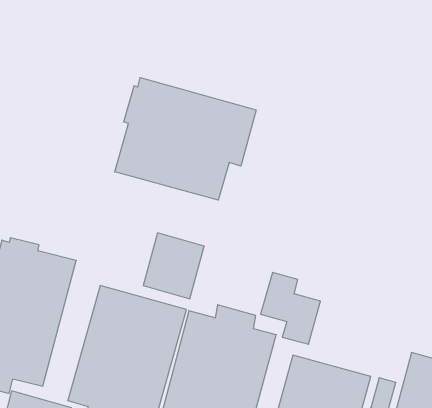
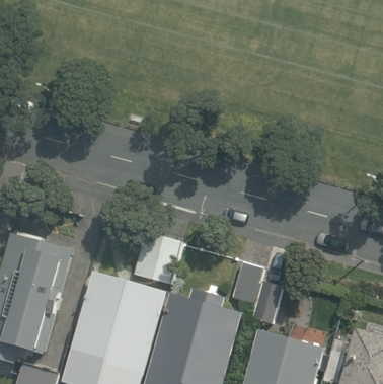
building: [115,78,256,200] -> none

